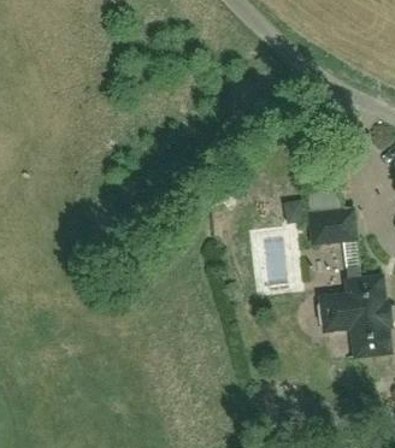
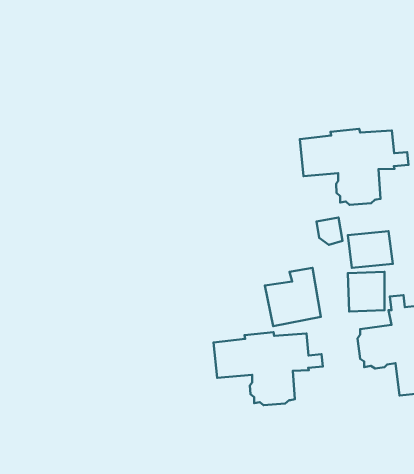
building: none -> [300,129,408,205]
building: none -> [213,332,323,405]

